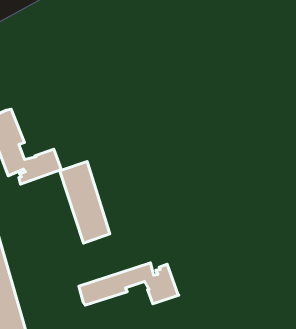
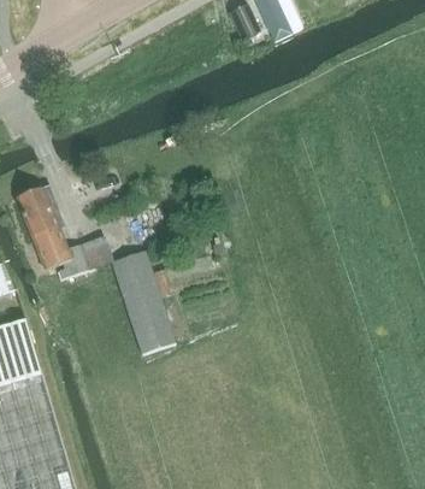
building: [79,263,179,305] -> none

